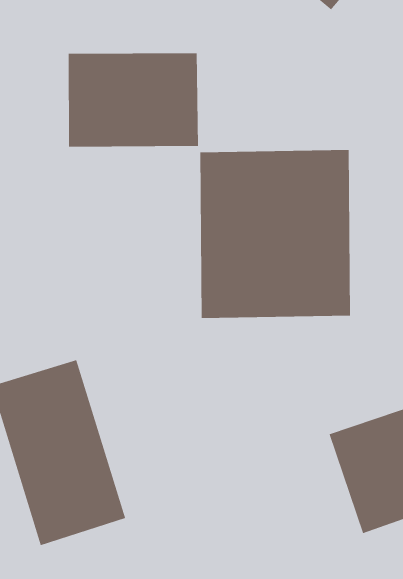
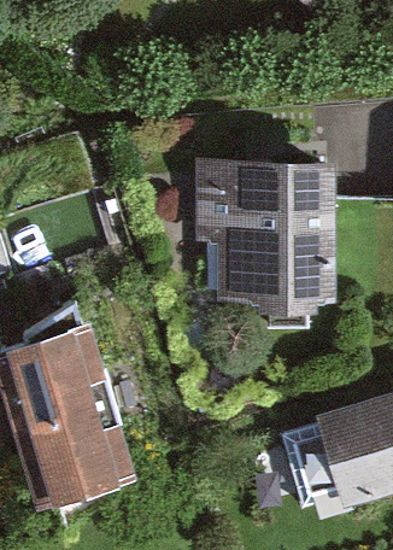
building: [68,52,199,148] -> none

